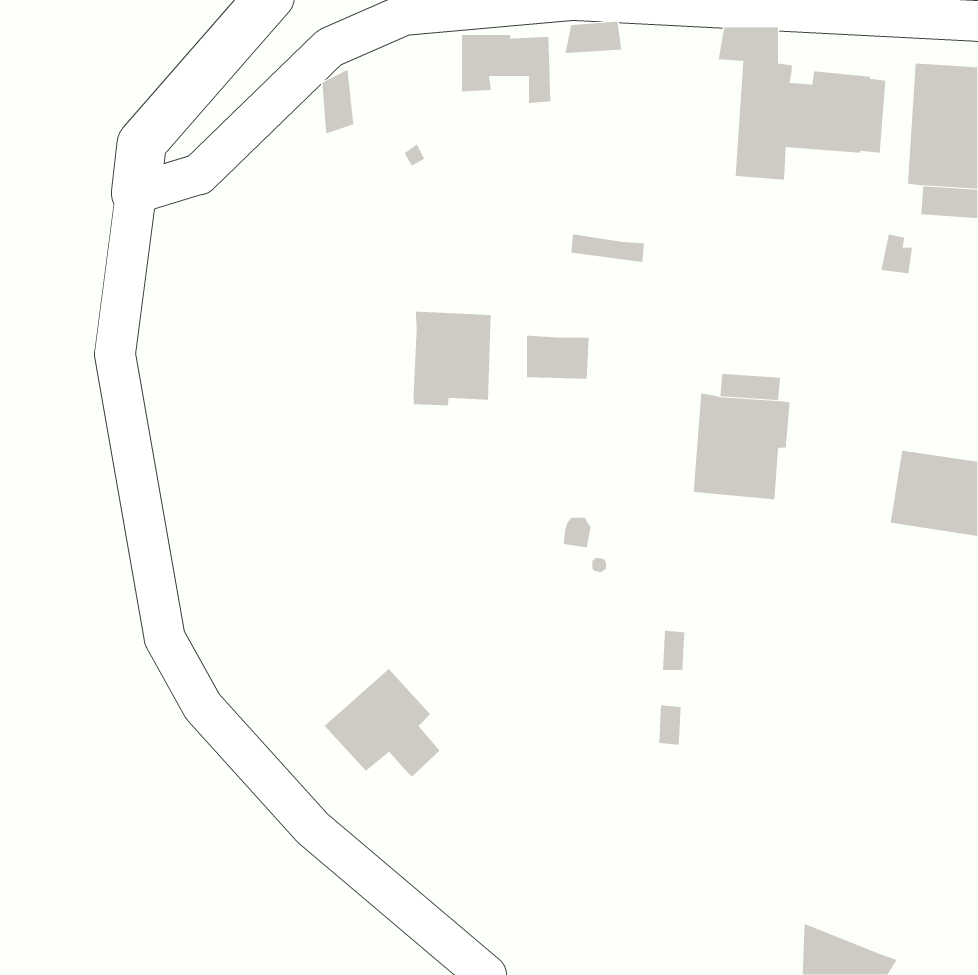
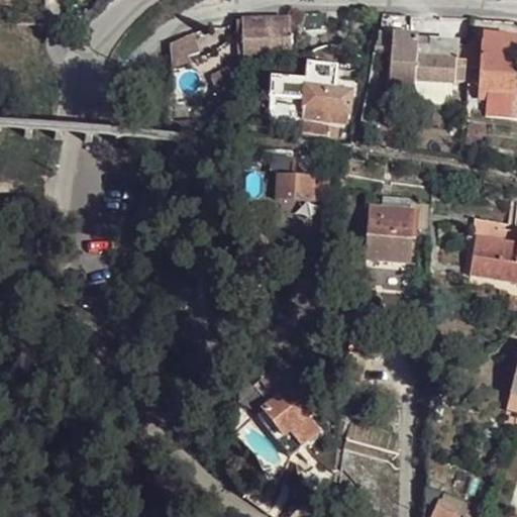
building: none -> [269,64,351,122]
building: [413,311,491,406] -> none
building: [324,668,441,777] -> [257,388,319,445]

